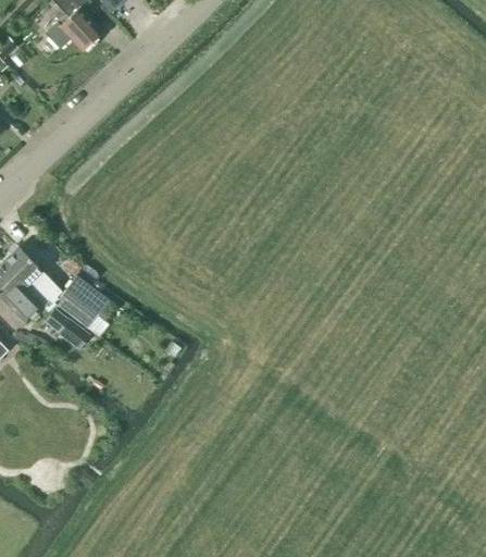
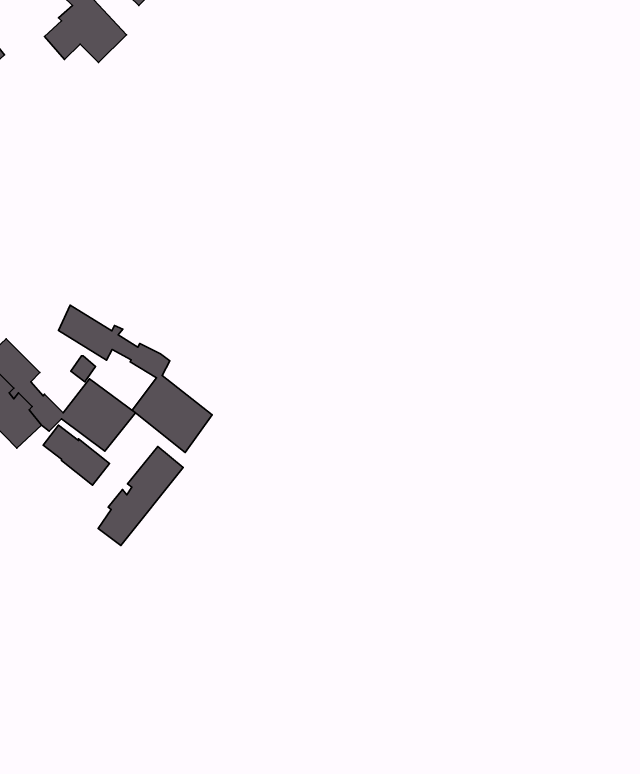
building: none -> [58,305,212,452]
building: none -> [98,447,183,546]

